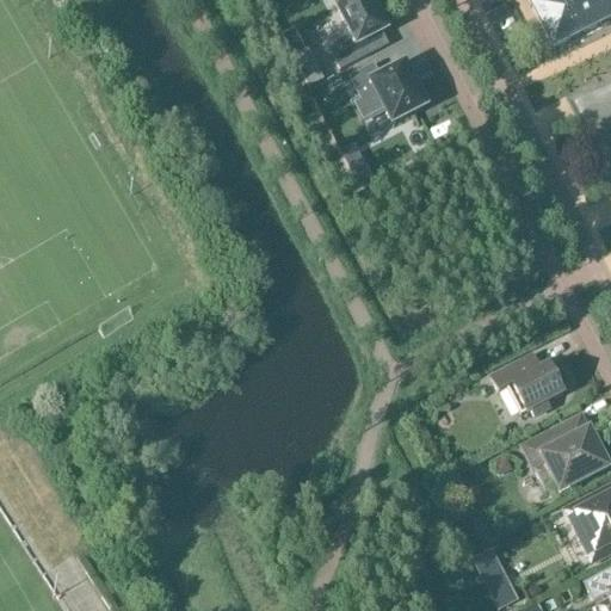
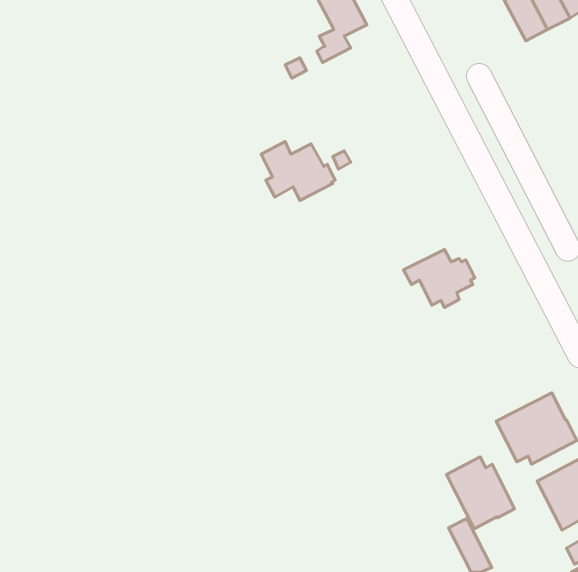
building: [351,60,428,122] -> [261,142,335,201]
building: [492,352,567,413] -> [403,249,475,307]
building: none -> [446,457,514,529]

